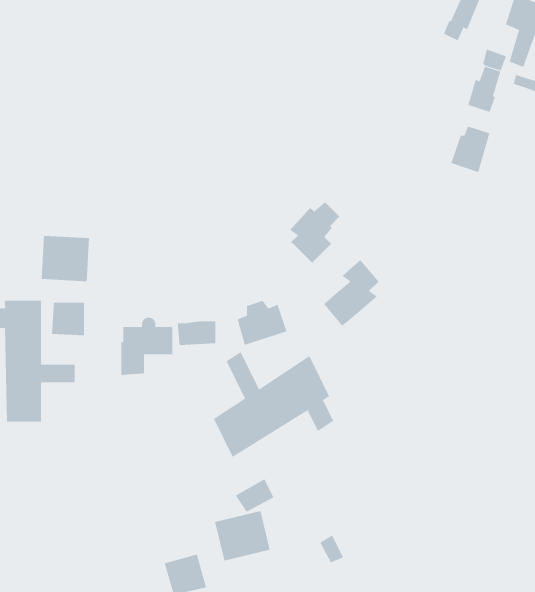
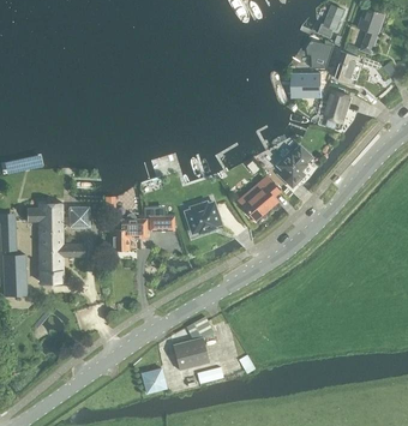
building: none -> [305,41,332,68]
building: none -> [294,73,320,97]
building: [290,202,340,264] -> [276,146,308,186]
building: [41,235,90,282] -> none
building: [213,351,334,458] -> none

